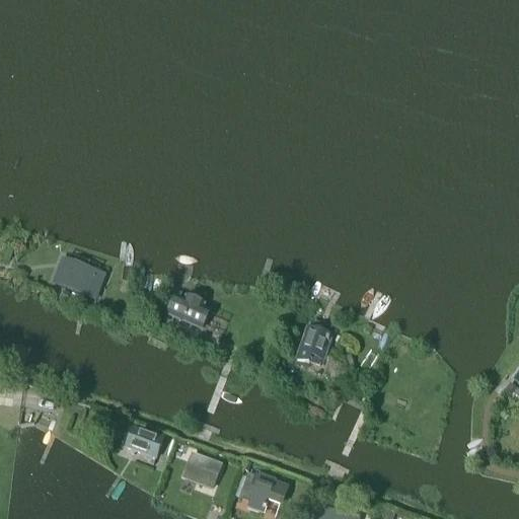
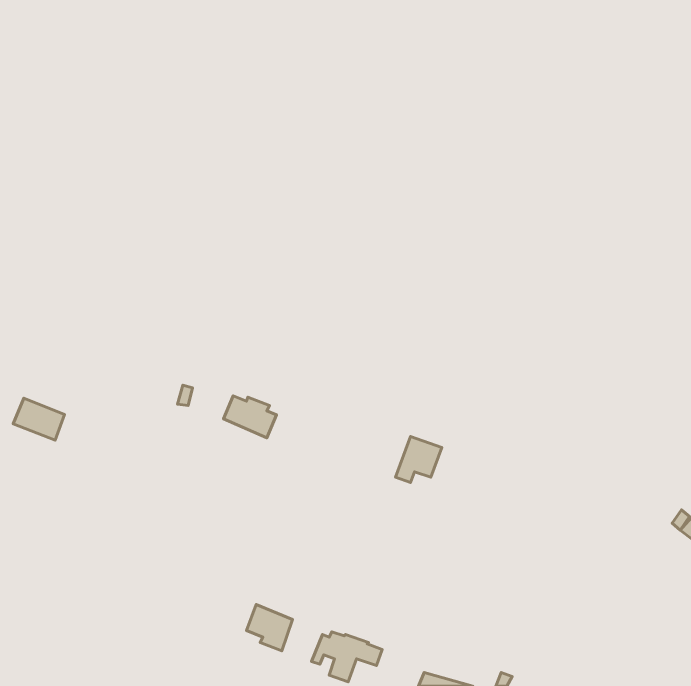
building: [59,261,97,292] -> [13,398,65,440]
building: [126,427,164,455] -> none

